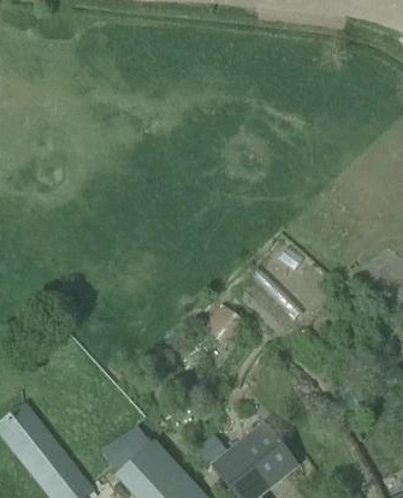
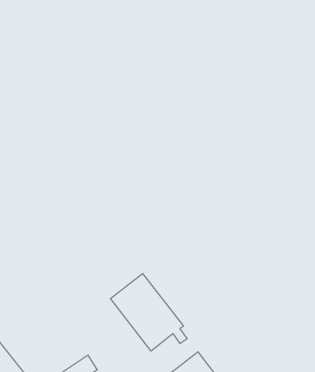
building: none -> [110,274,187,351]

